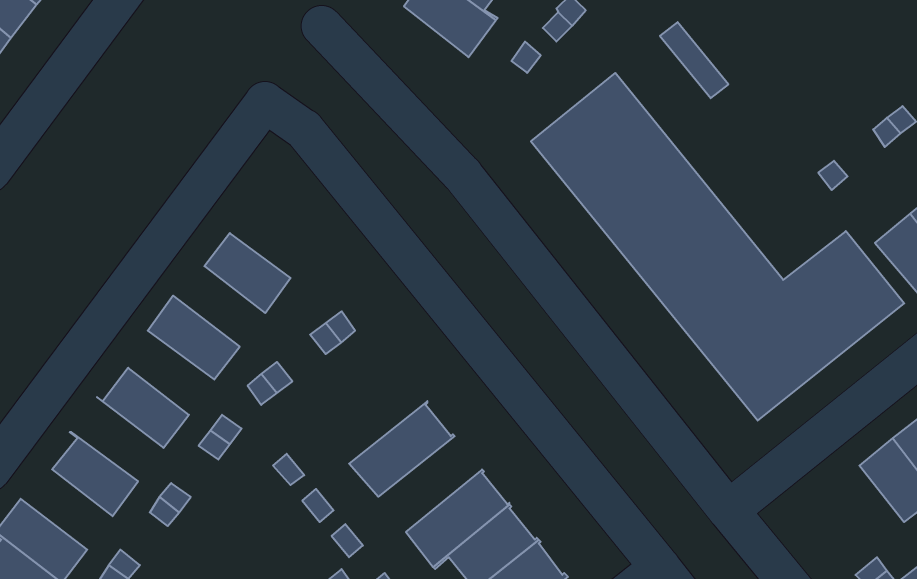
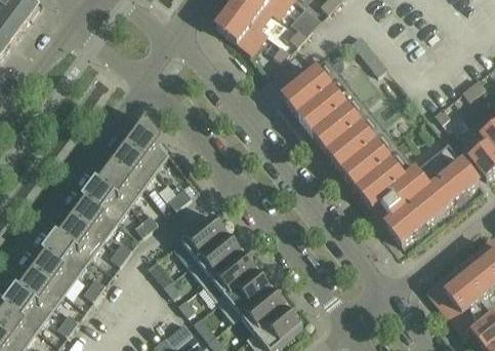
building: none -> [125,117,168,168]
building: none -> [95,162,143,204]
building: none -> [72,196,117,240]
building: none -> [180,213,229,266]
building: none -> [42,231,90,275]
building: none -> [203,251,257,302]
building: none -> [437,267,479,311]
building: none -> [15,269,64,311]

